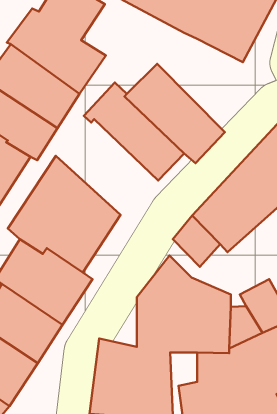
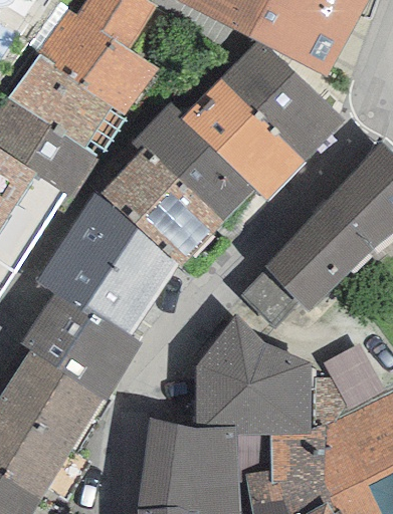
building: none -> [220,42,343,165]
building: none -> [95,149,221,270]

